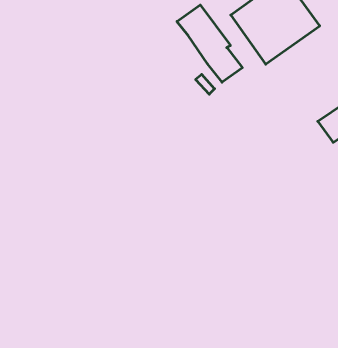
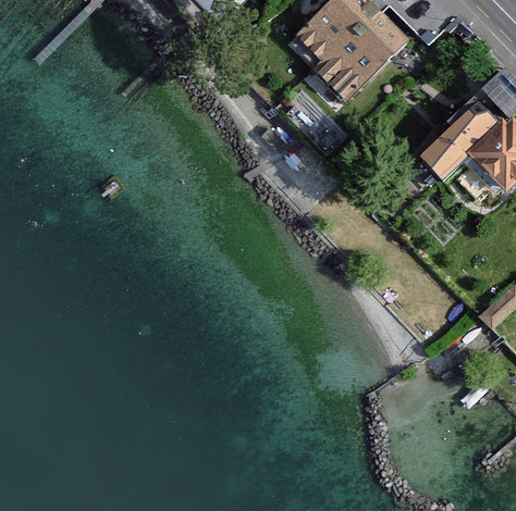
building: [177,5,242,82] -> none

